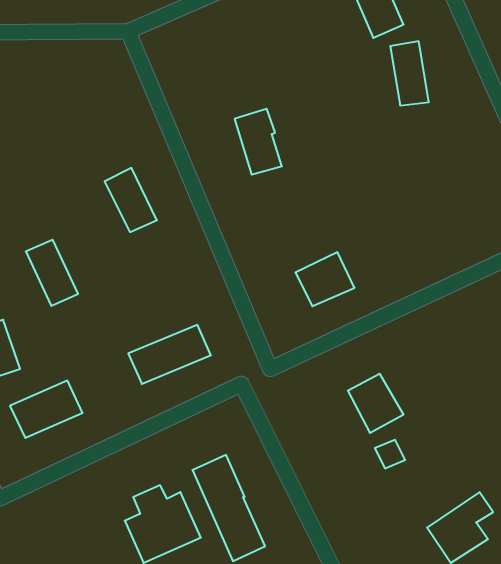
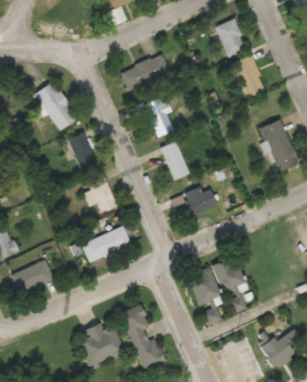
building: none -> [120,56,169,90]
building: none -> [34,82,77,132]
building: none -> [263,120,298,172]
building: none -> [160,141,190,180]
building: [26,240,78,306] -> [86,174,118,214]
building: none -> [188,271,219,304]

